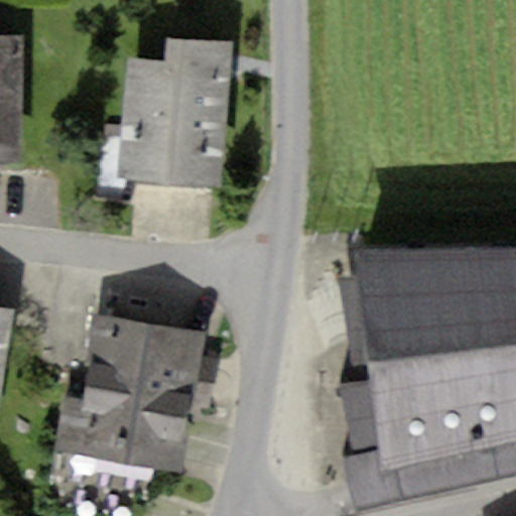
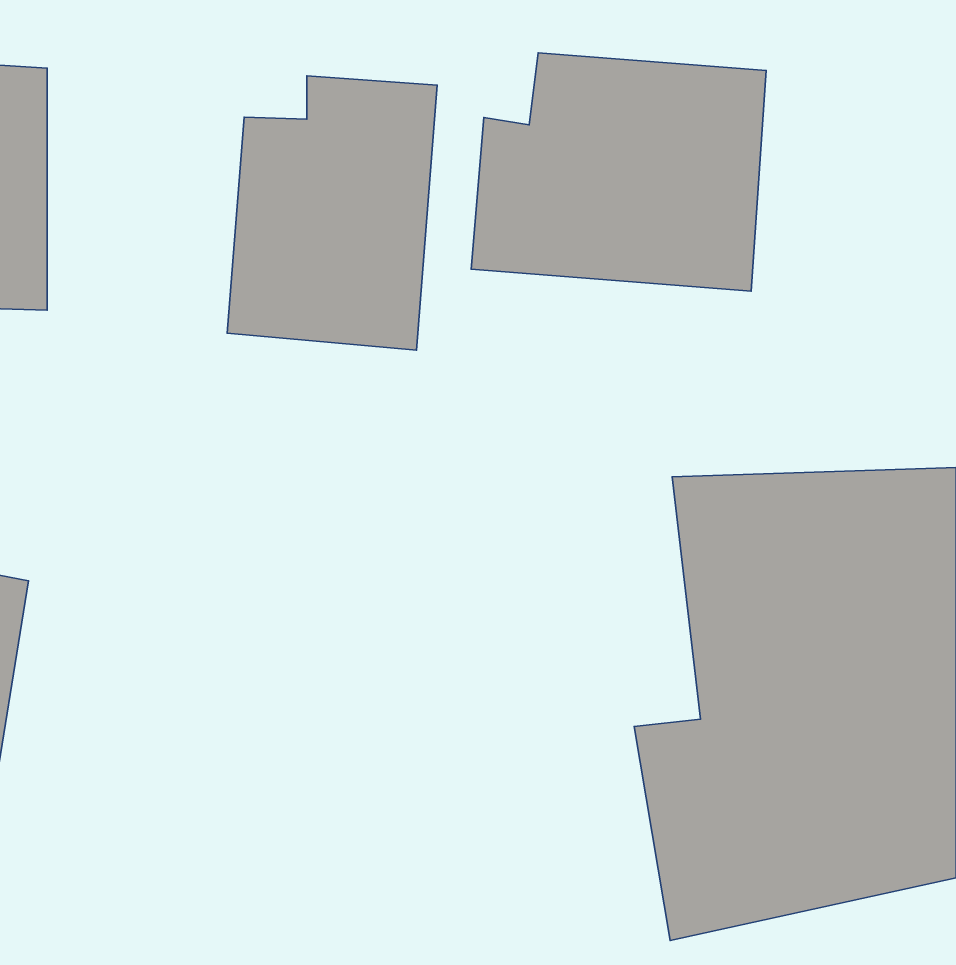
building: none -> [471,53,766,291]
building: [50,315,199,471] -> none

